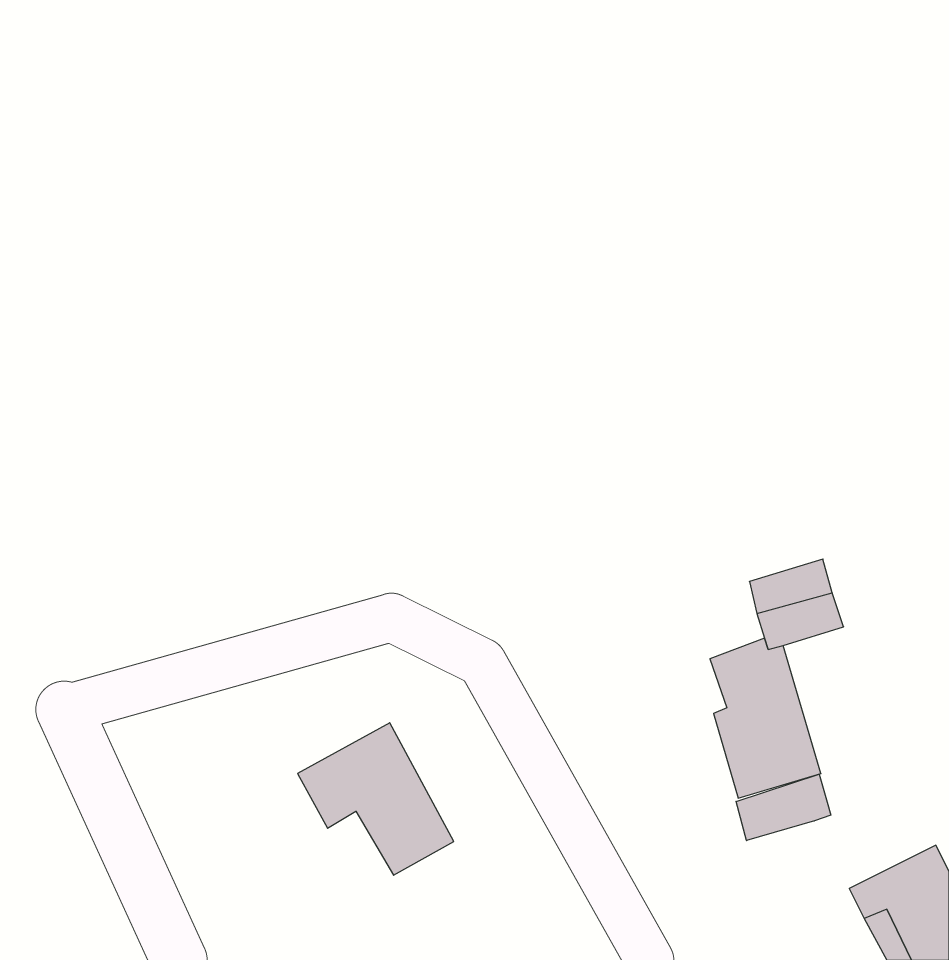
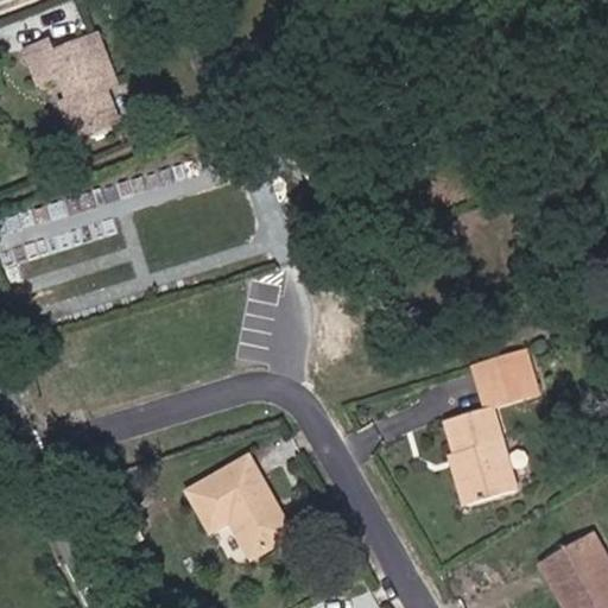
building: none -> [25,37,118,134]
building: [736,774,831,841] -> none

